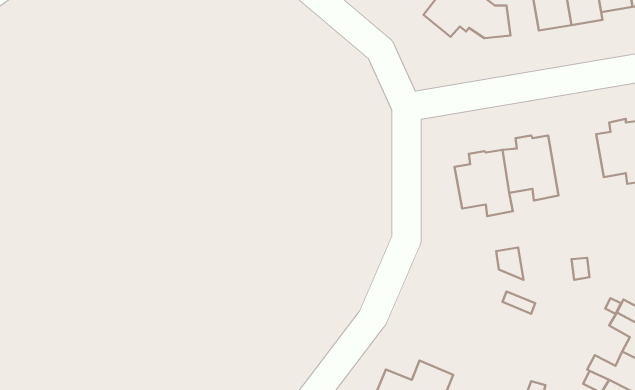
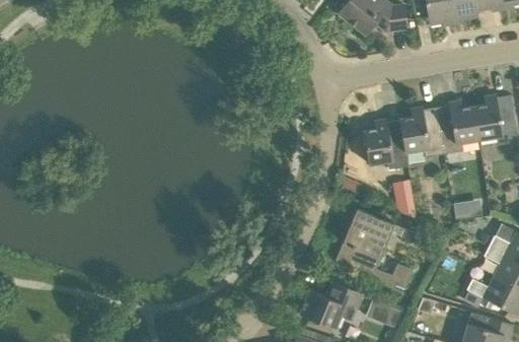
building: none -> [436,99,479,153]
building: none -> [336,208,413,288]

